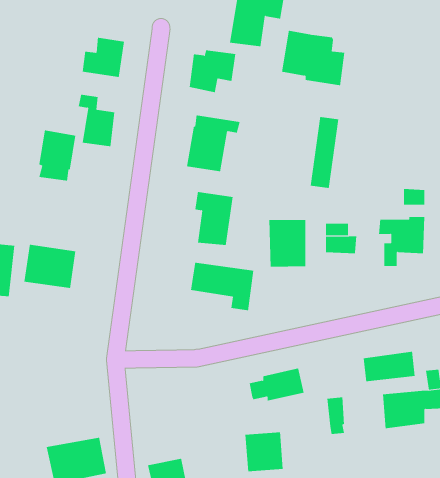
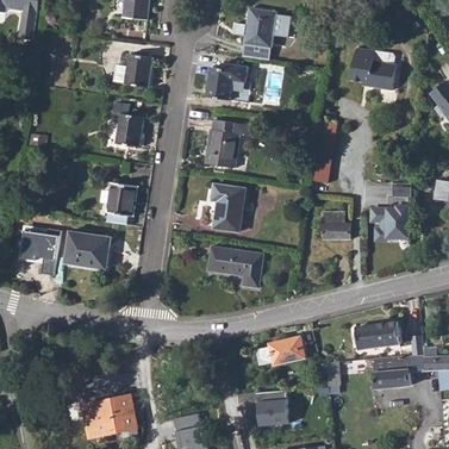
building: [281,30,345,86] -> [350,48,405,95]
building: [39,130,76,181] -> [106,181,138,225]
building: [269,219,306,267] -> none

